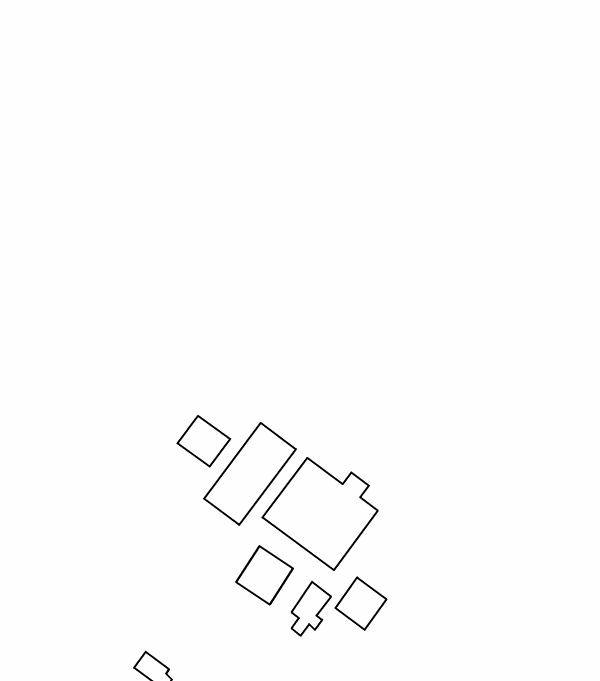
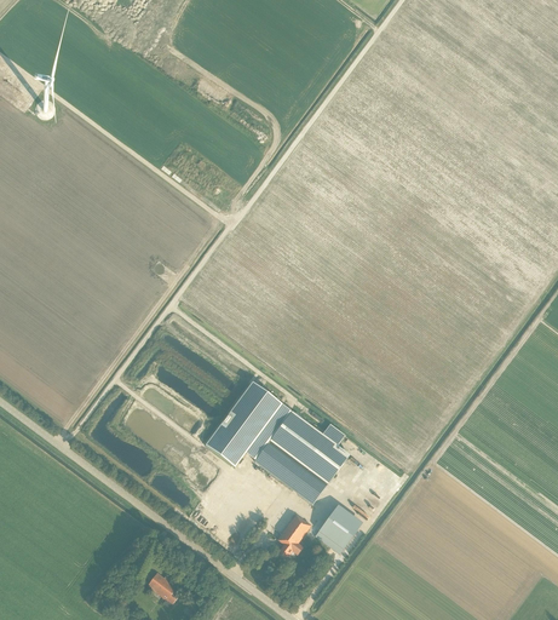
building: [177,416,230,467] -> none
building: [236,546,293,605] -> none

